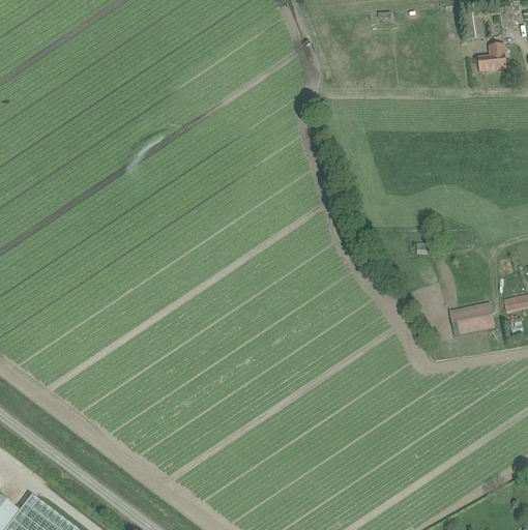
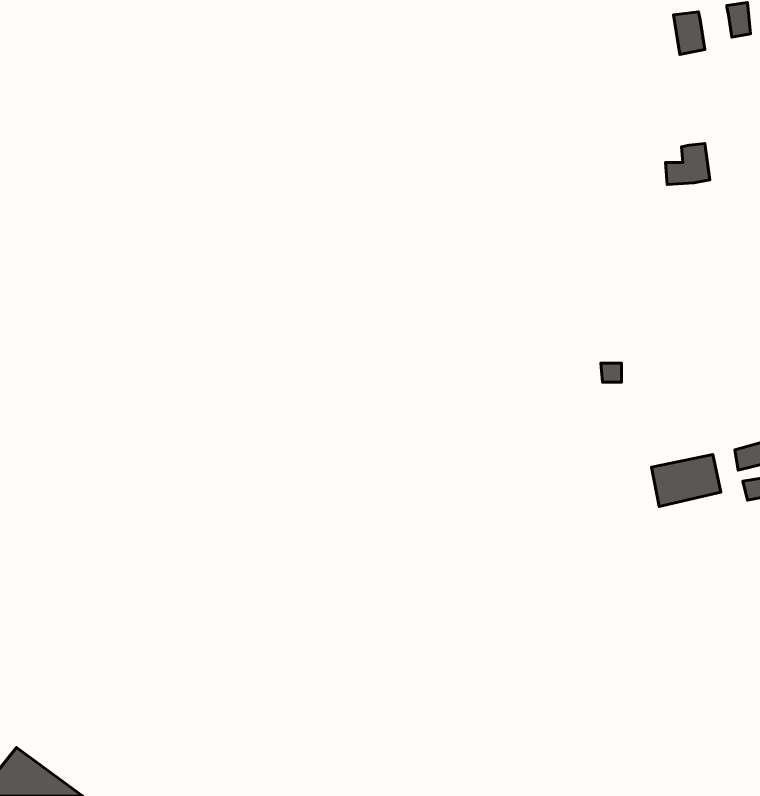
building: [478,43,507,70] -> [666,144,710,184]

